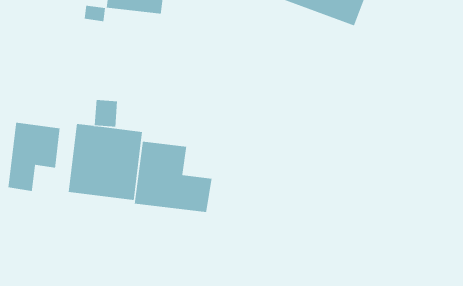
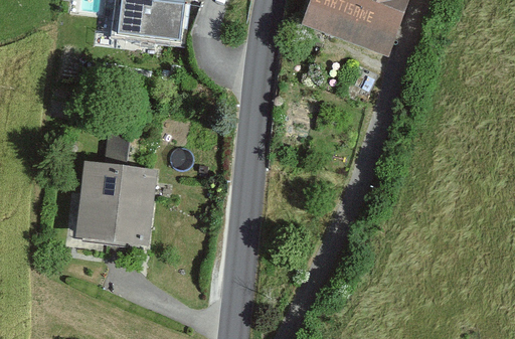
building: [8,122,60,192] -> none
building: [134,141,212,213] -> none

